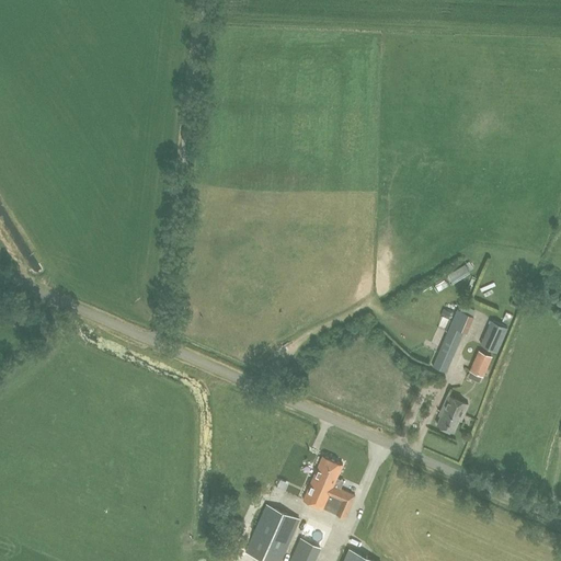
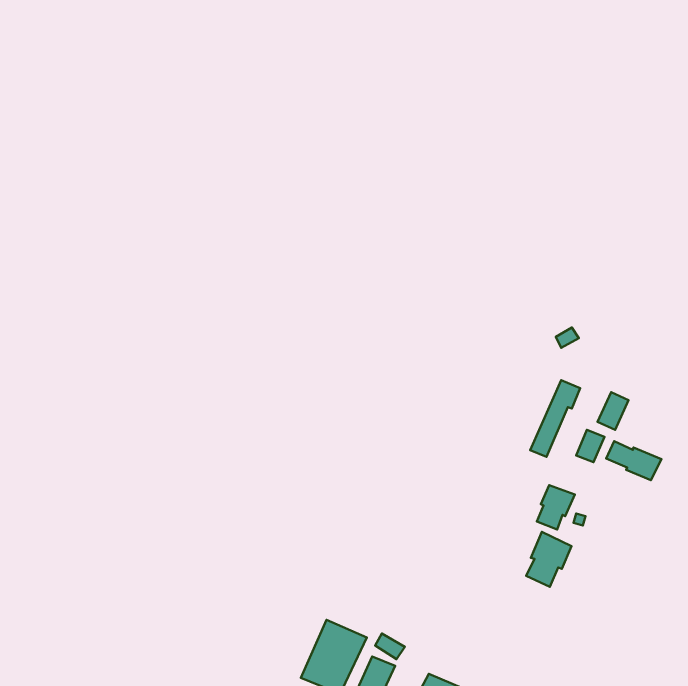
building: none -> [606,441,662,480]
building: none -> [526,532,571,587]
building: [301,457,354,519] -> none

